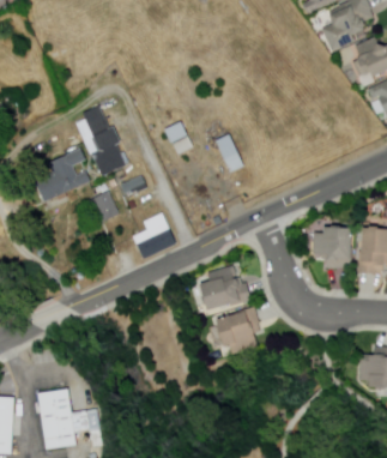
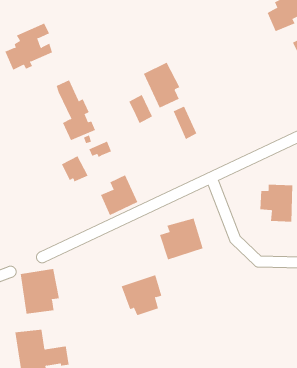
building: none -> [143,62,180,108]
building: [34,149,89,203] -> [4,23,53,70]
building: [214,306,261,352] -> [121,275,162,316]
building: none -> [20,268,59,315]

